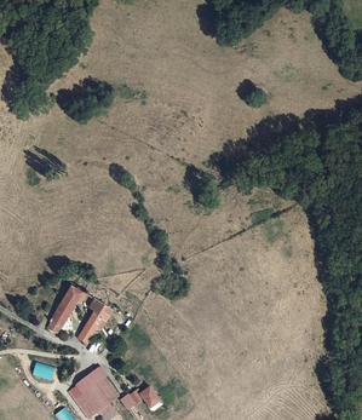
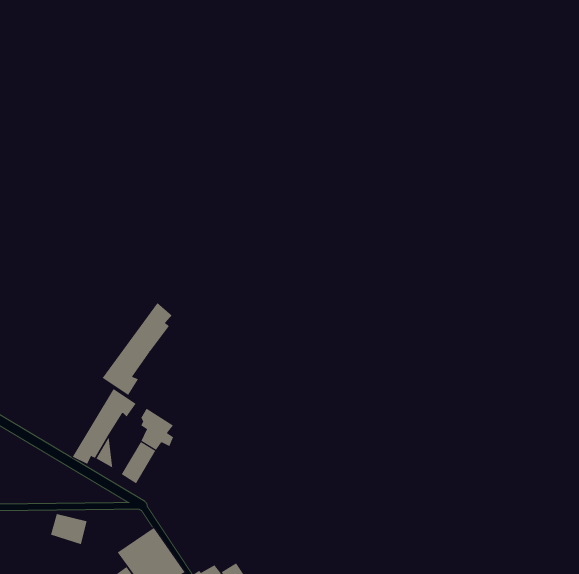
building: none -> [102,302,172,396]

